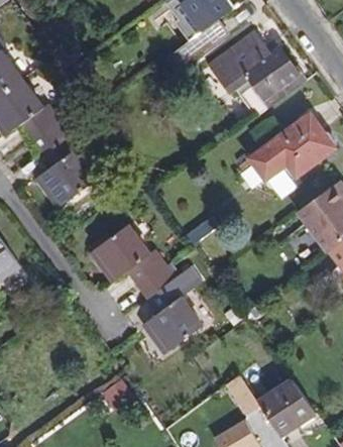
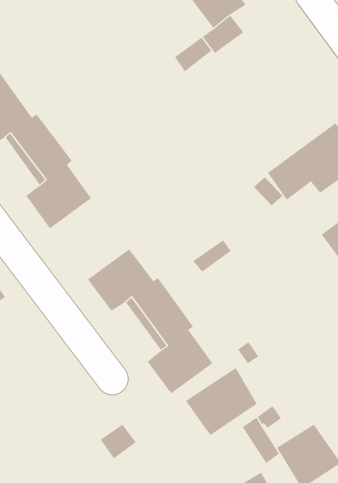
building: [207,30,302,116] -> none
building: none -> [185,367,258,436]

